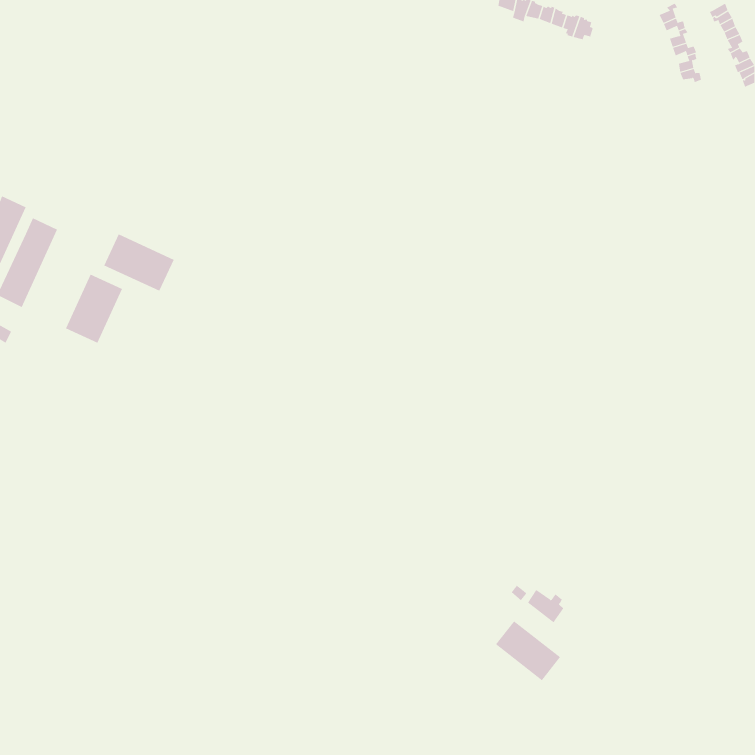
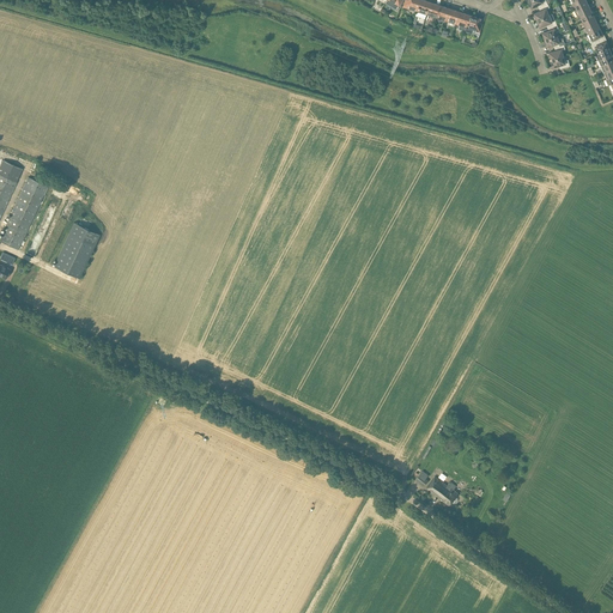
building: [104,234,175,291] -> none
building: [495,620,561,681] -> none

